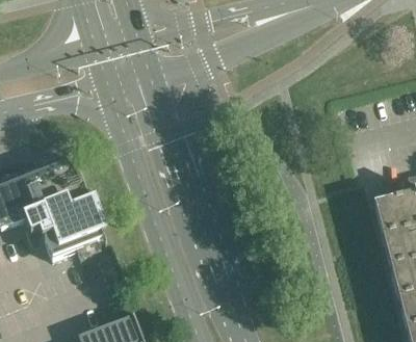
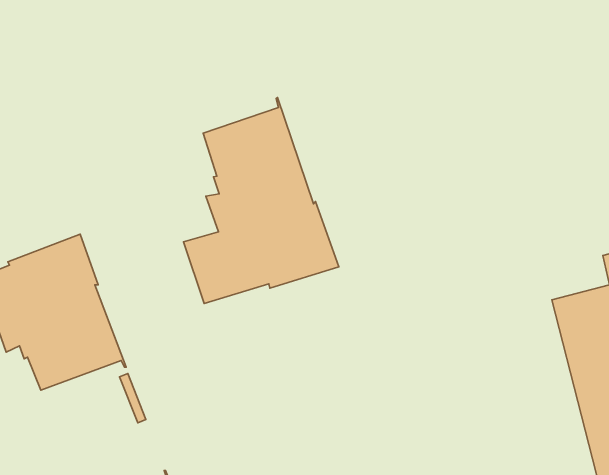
building: none -> [183,97,339,304]

